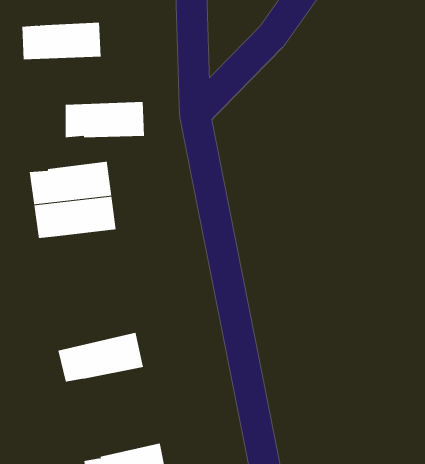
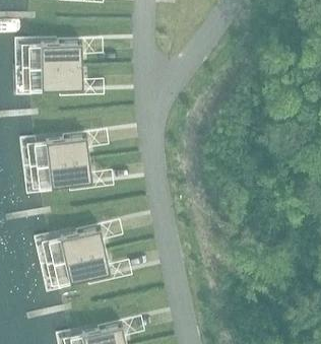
building: [65,101,145,138] -> [27,66,81,90]
building: none -> [47,228,104,263]

